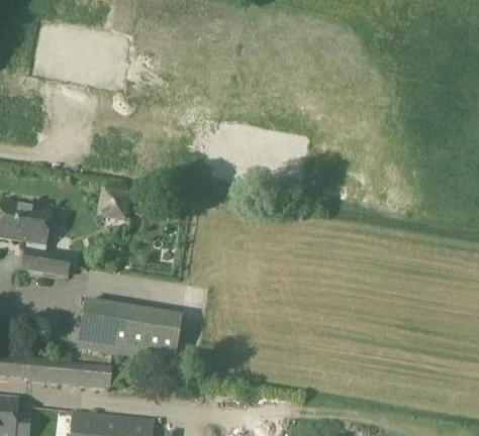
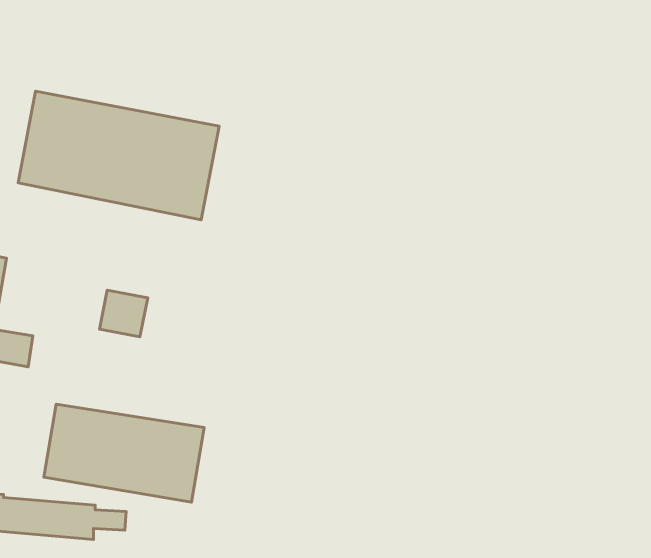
building: none -> [18,91,219,220]
building: [97,188,128,218] -> [100,290,148,337]

